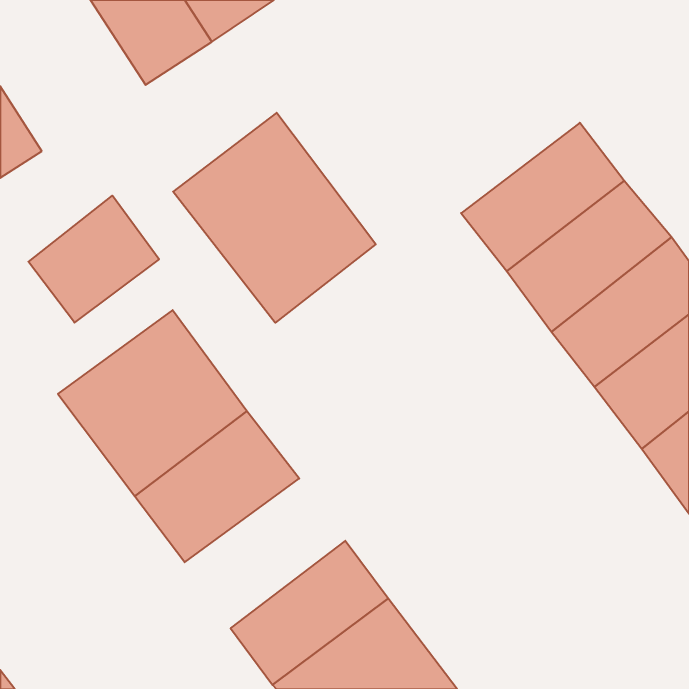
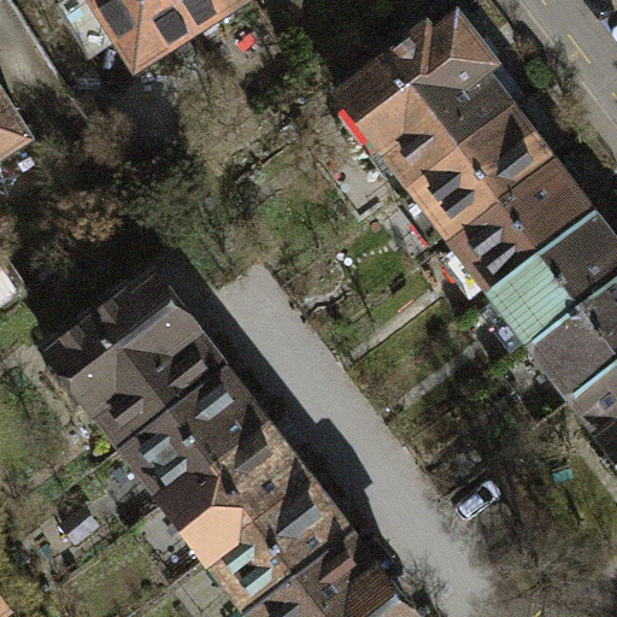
building: none -> [341,17,518,190]
building: [173,113,376,323] -> none
building: [28,196,159,323] -> none
building: none -> [165,428,308,562]

